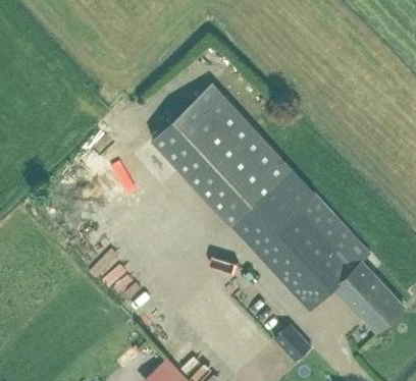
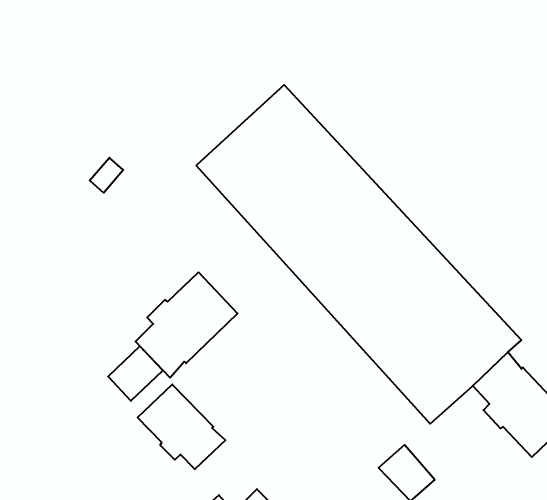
building: none -> [136,272,238,378]
building: none -> [138,384,225,469]

